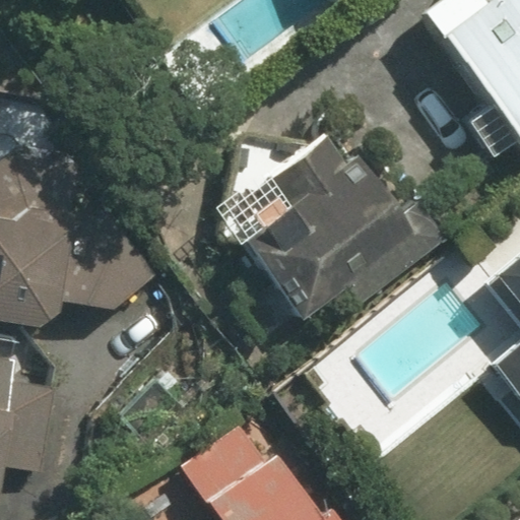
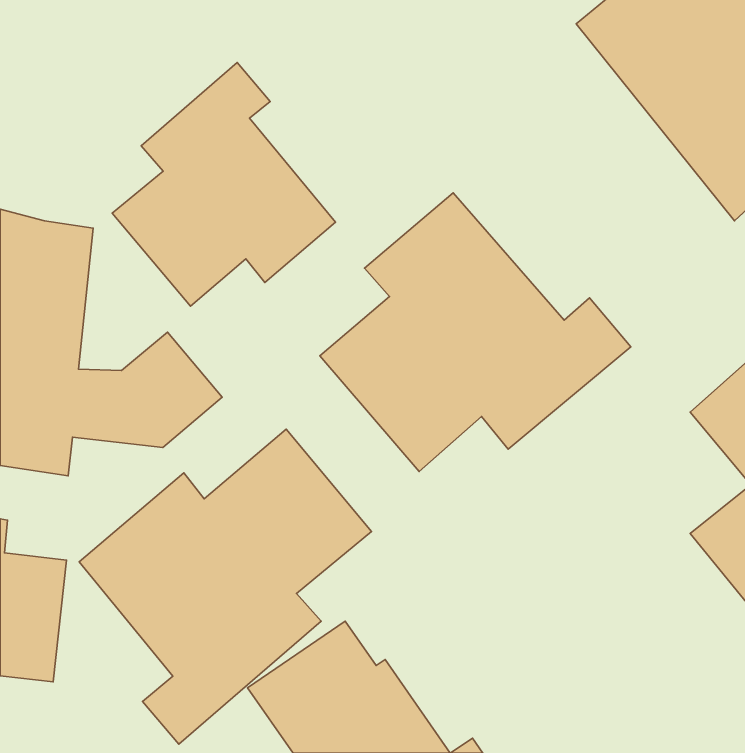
building: none -> [112,62,336,306]
building: none -> [79,429,372,744]

